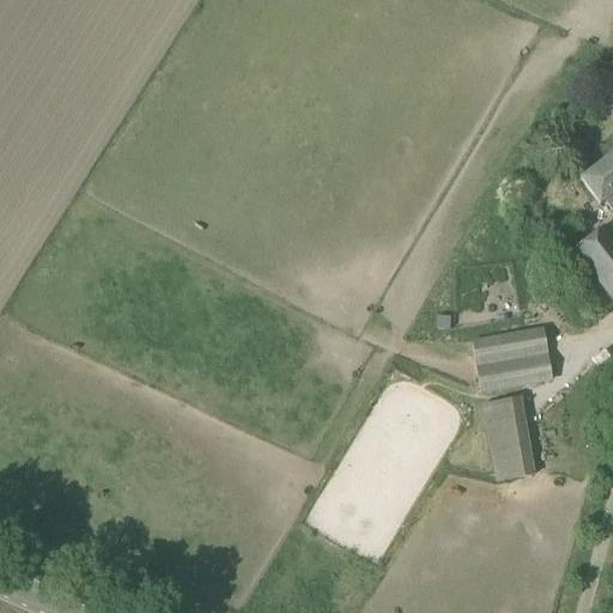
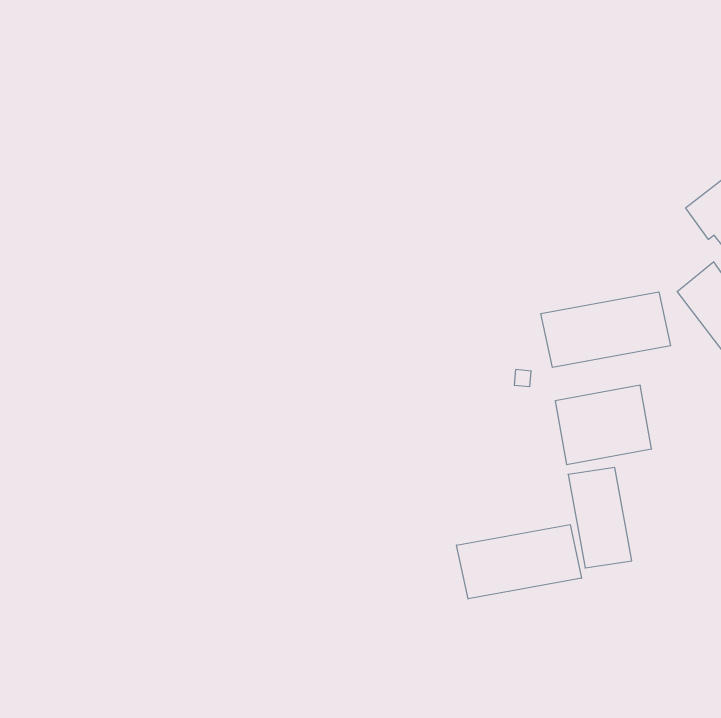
building: none -> [541,292,670,367]
building: none -> [457,525,582,599]

